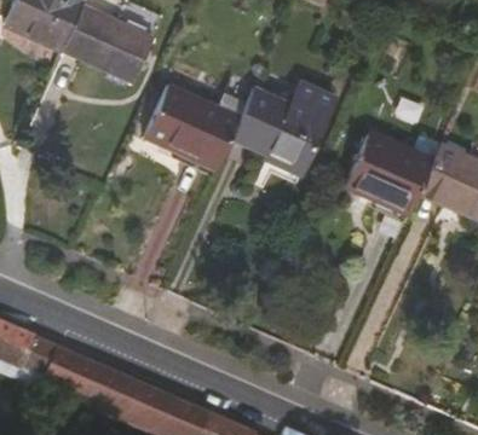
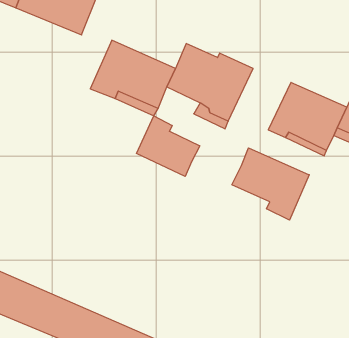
building: none -> [136,116,200,176]
building: none -> [232,148,309,220]

